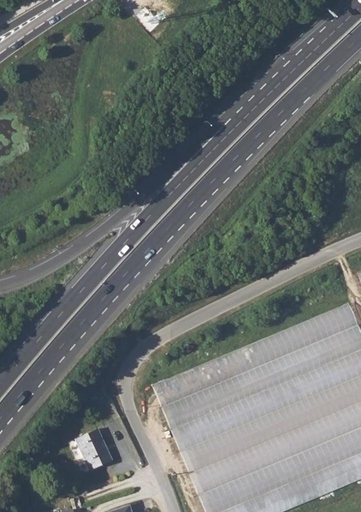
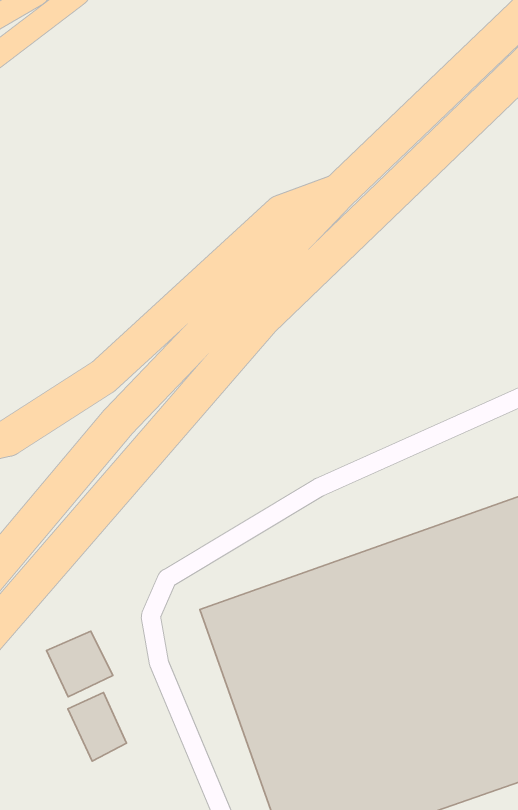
building: none -> [46,631,113,697]

